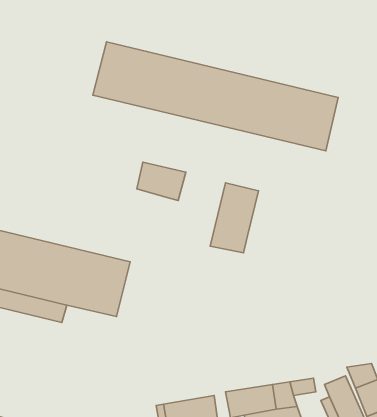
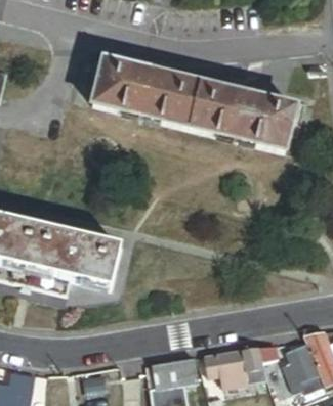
building: [137,162,186,200] -> none
building: [210,183,259,253] -> none

